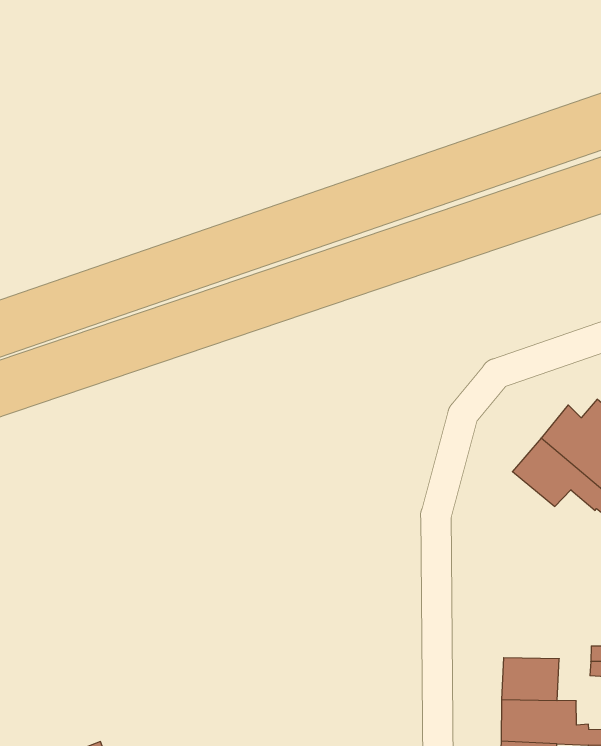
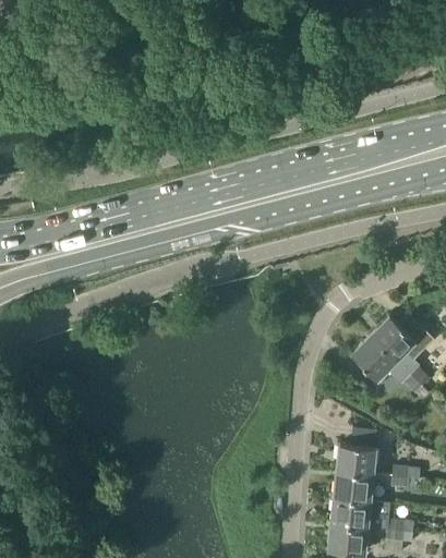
building: none -> [337,446,374,475]

